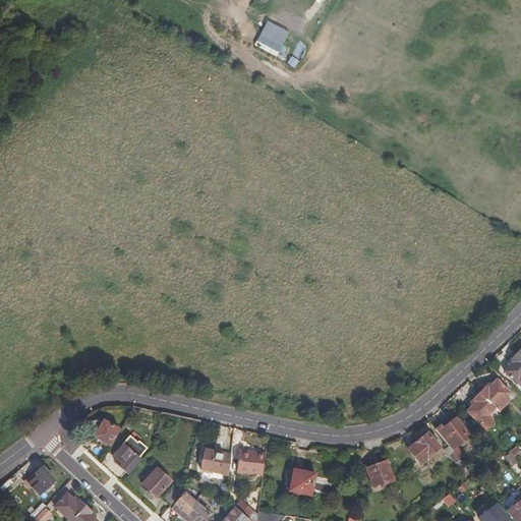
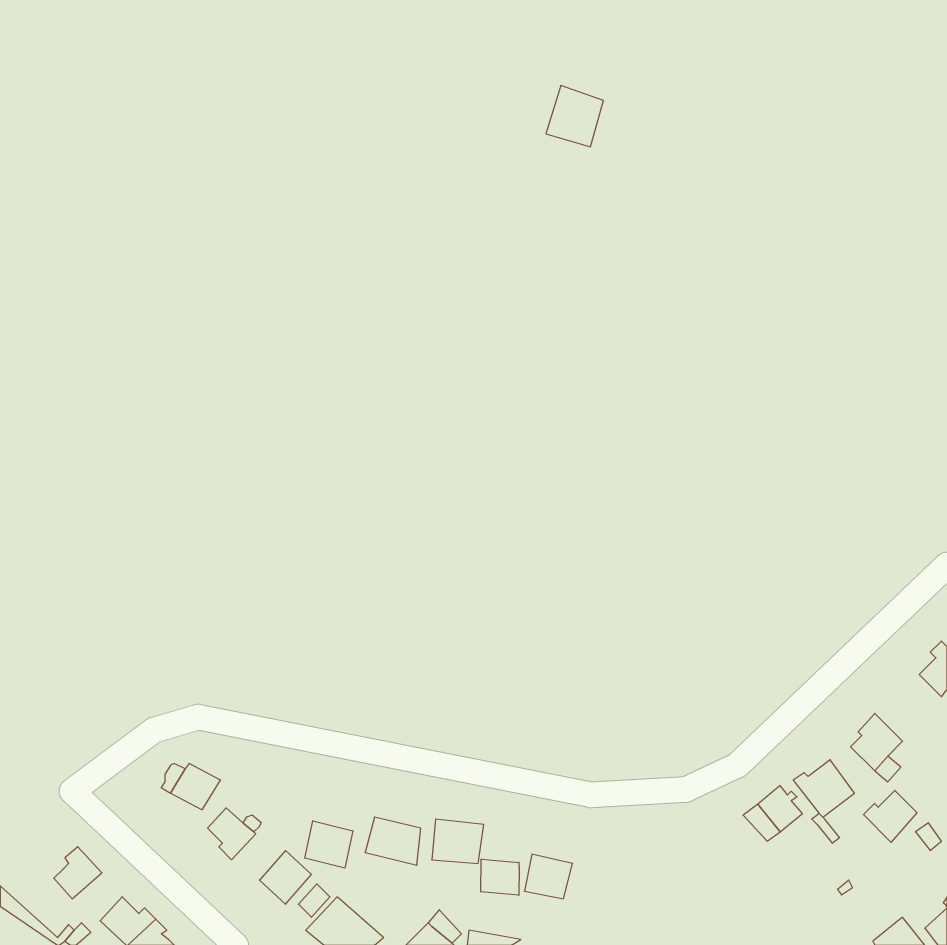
building: [255,20,287,54] -> [546,86,603,147]
building: [480,379,510,407] -> [863,790,917,842]
building: none -> [305,821,353,868]
building: [366,460,394,485] -> none
building: none -> [481,859,519,895]

